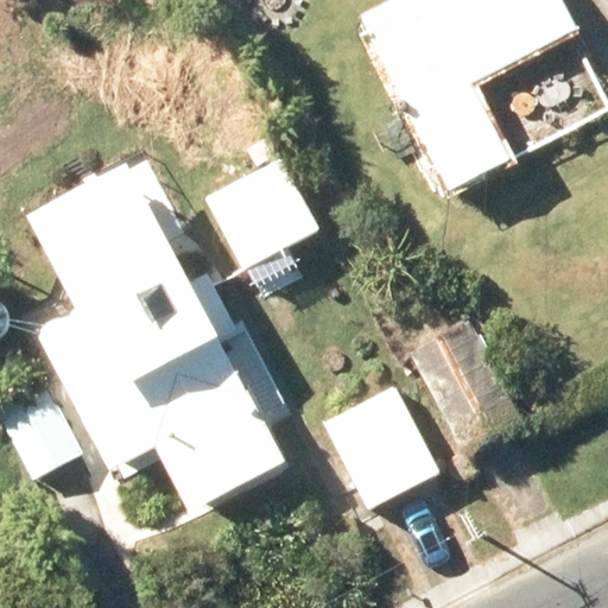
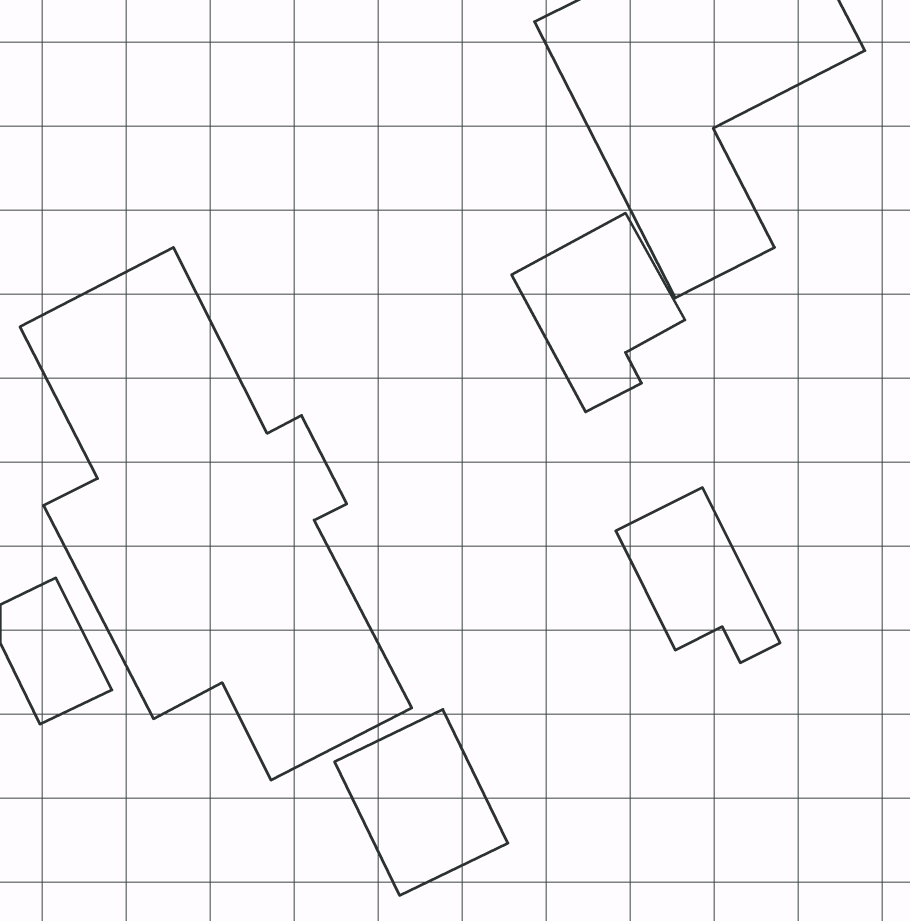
building: [207,157,321,287] -> [512,213,685,412]
building: [327,385,441,507] -> [335,709,508,895]

